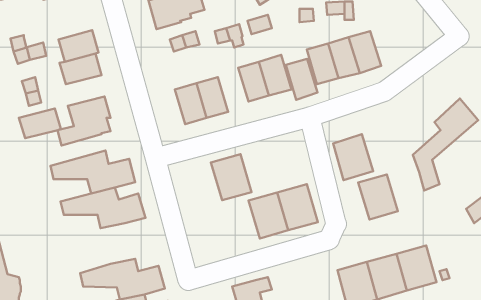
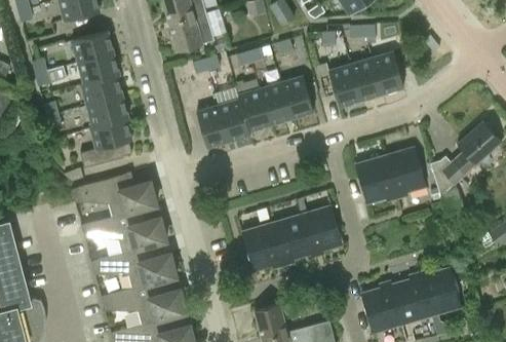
building: none -> [73,30,114,62]
building: [286,59,317,100] -> [239,90,271,131]
building: [19,109,61,138] -> [87,98,129,127]
building: [211,154,252,200] -> [241,224,282,270]
building: [358,174,398,219] -> [385,149,425,194]
building: none -> [91,246,177,288]

